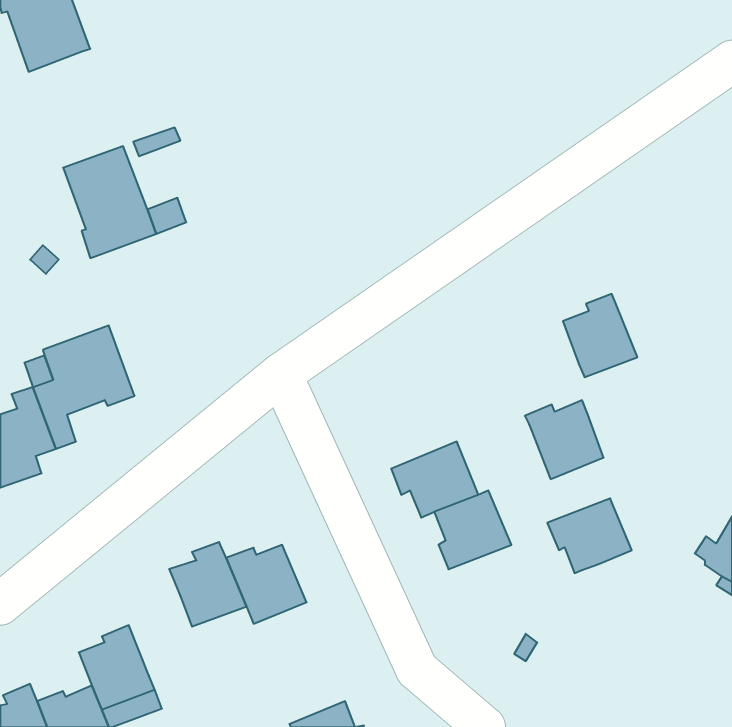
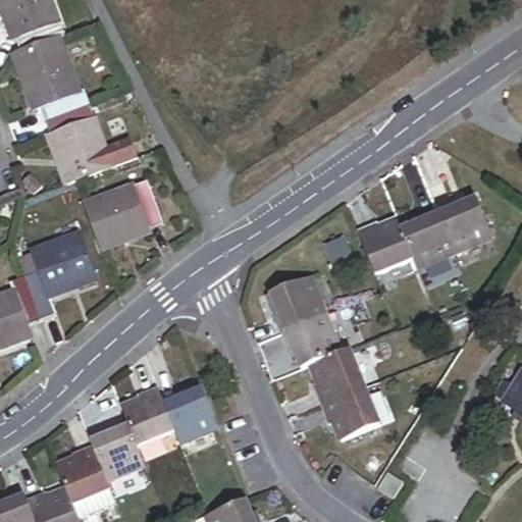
building: none -> [15,37,88,119]
building: none -> [85,179,162,249]
building: none -> [435,198,491,254]
building: none -> [269,276,325,333]
building: [525,400,604,479] -> [356,218,412,274]
building: [547,498,632,573] -> [319,387,379,440]
building: none -> [87,424,145,480]

